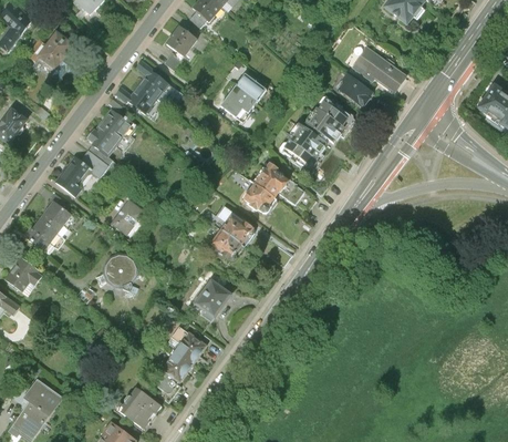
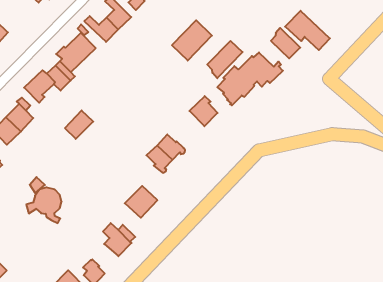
building: none -> [207,41,243,78]
building: [241,183,273,213] -> none
building: [95,254,137,294] -> [26,187,62,223]
building: [160,352,193,383] -> none

